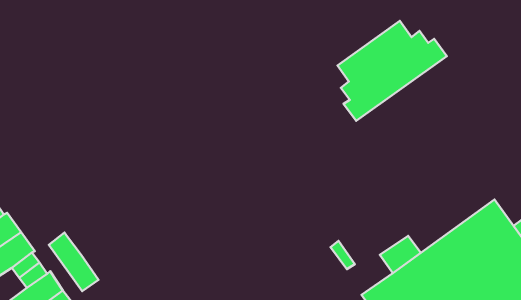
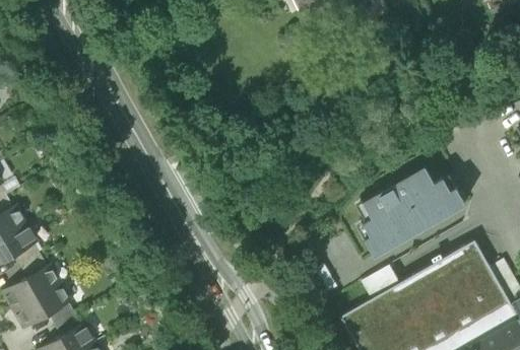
building: [337,21,447,121] -> [362,167,465,257]
building: [49,232,99,291] -> none

